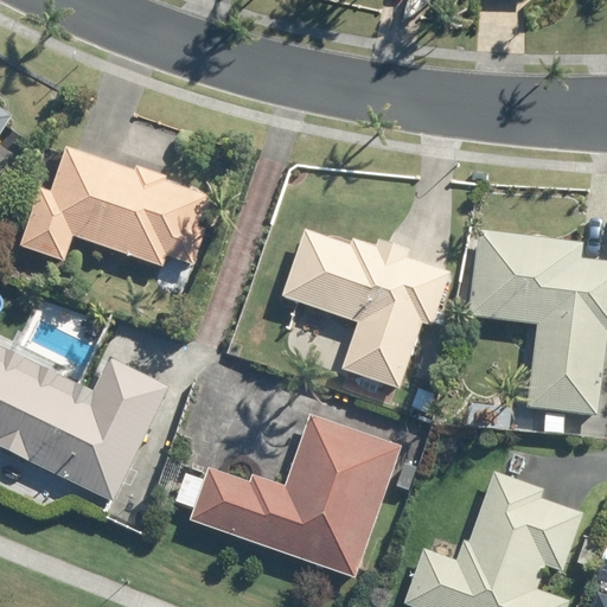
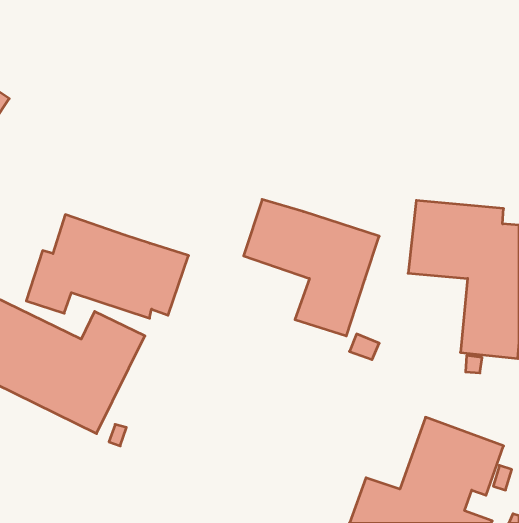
building: [18,146,205,266] -> [26,215,189,318]
building: [189,413,398,575] -> none

